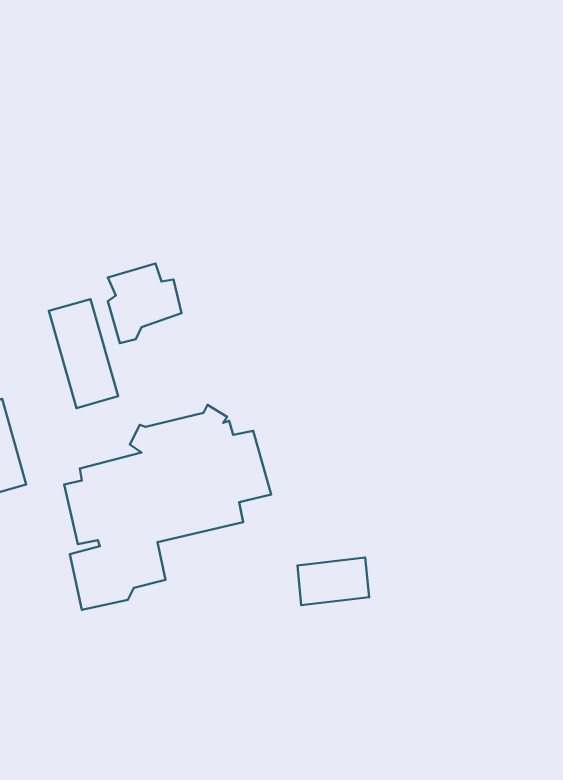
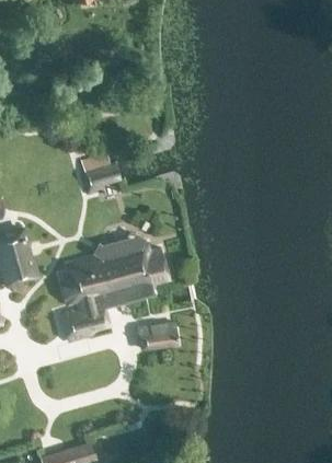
building: [49,299,118,408] -> none
building: [297,557,369,605] -> [138,323,178,349]

